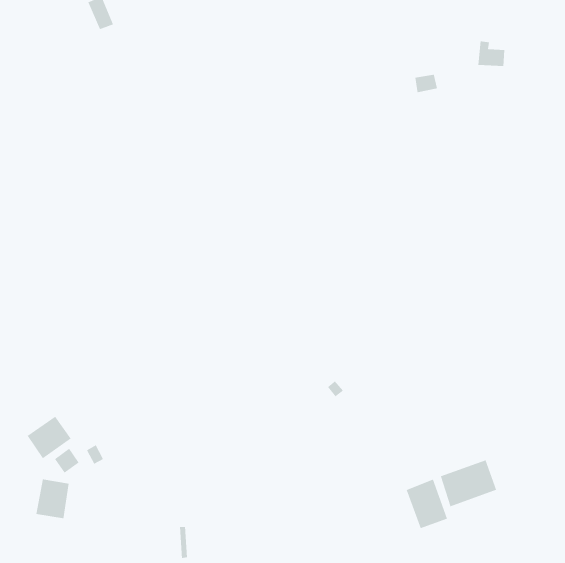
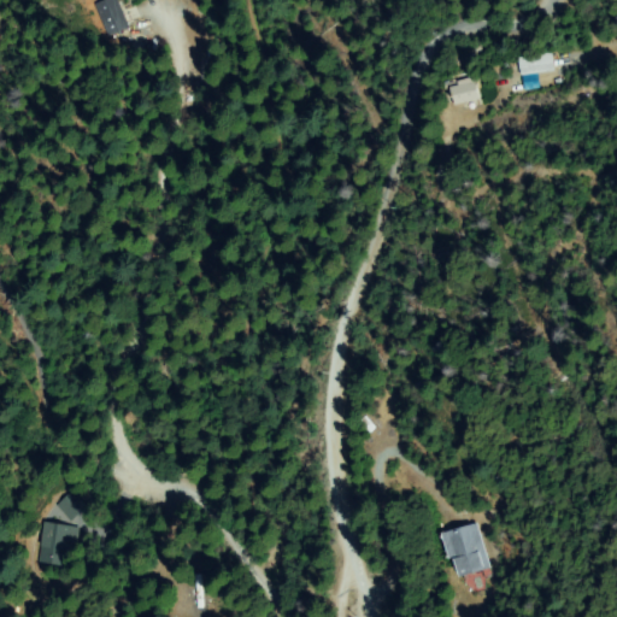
building: [27,416,71,459] -> none
building: [440,460,497,507] -> none

